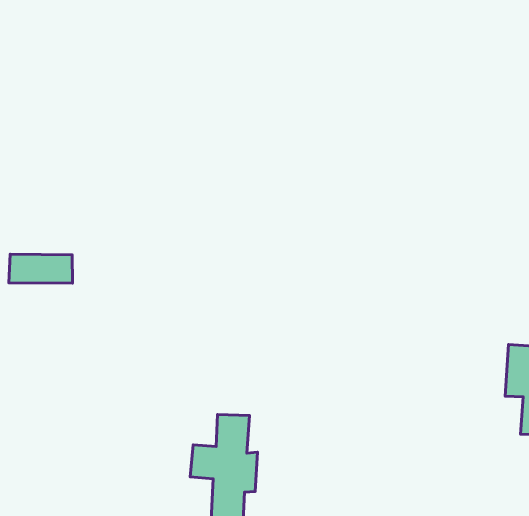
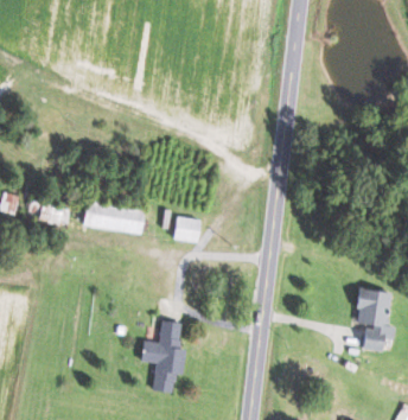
building: none -> [83,202,147,233]
building: none -> [173,216,203,242]

